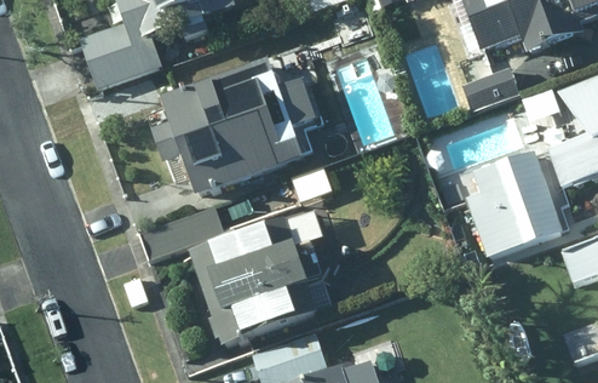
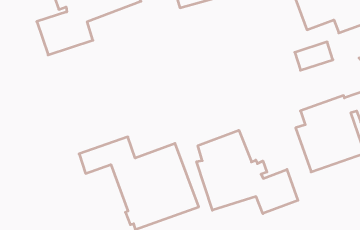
building: [154,58,317,194] -> none
building: none -> [197,130,298,214]

